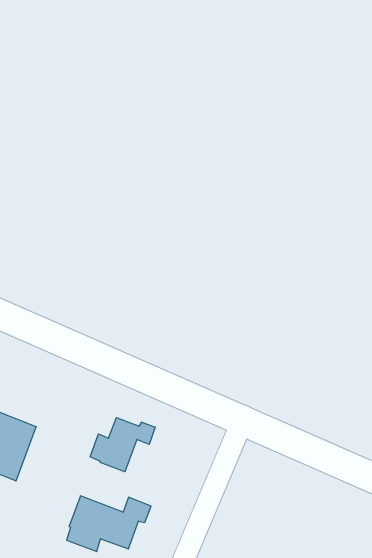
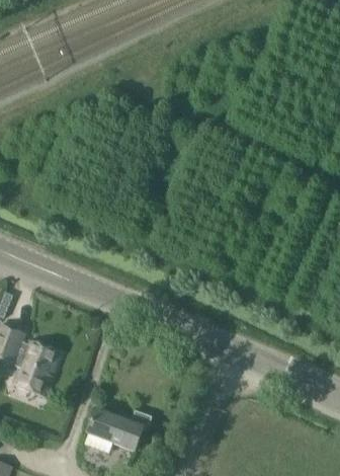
building: [90,418,155,472] -> none

